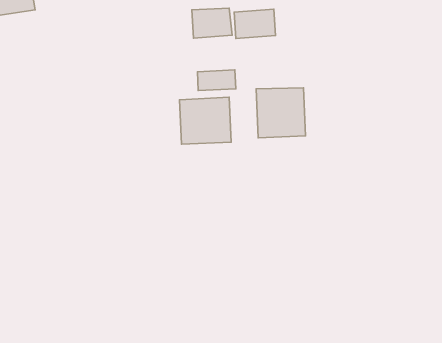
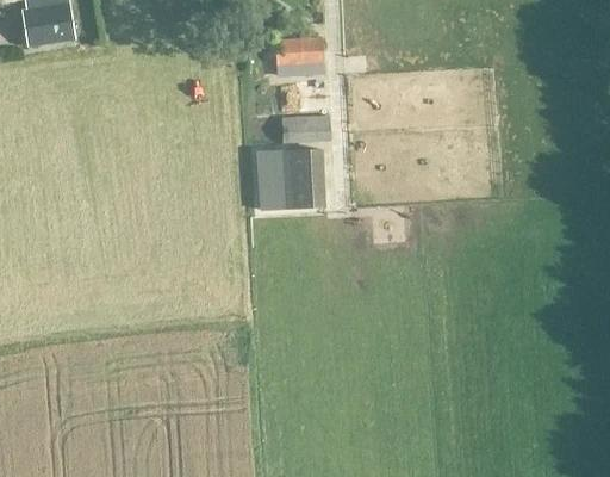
building: [234,9,275,38] -> none
building: [256,88,305,138] -> none

